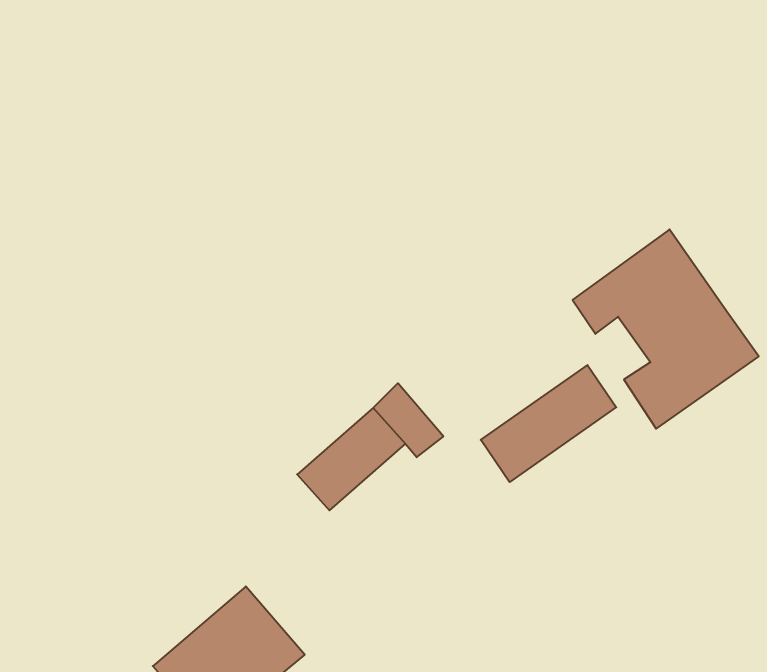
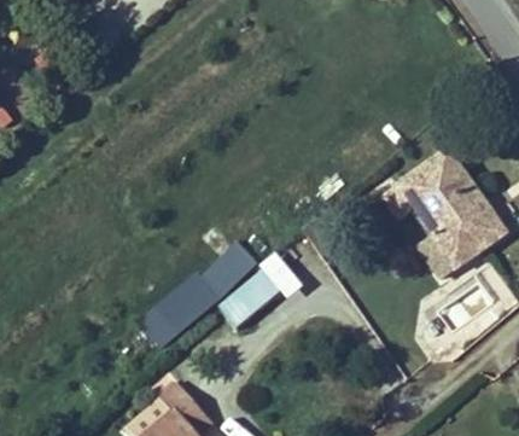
building: [481,365,616,482] -> none
building: none -> [158,242,258,333]

